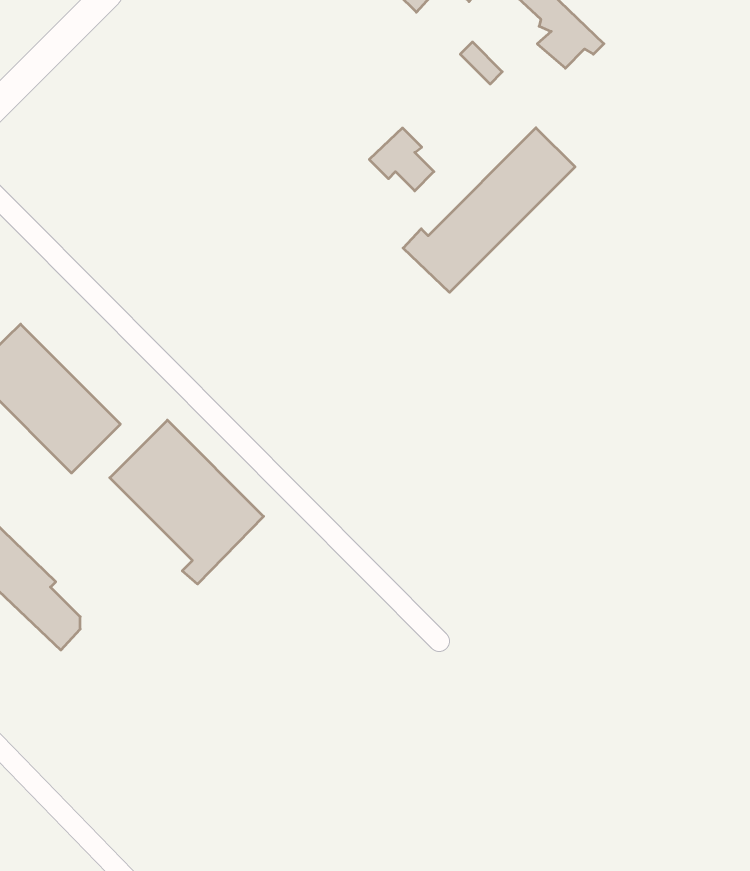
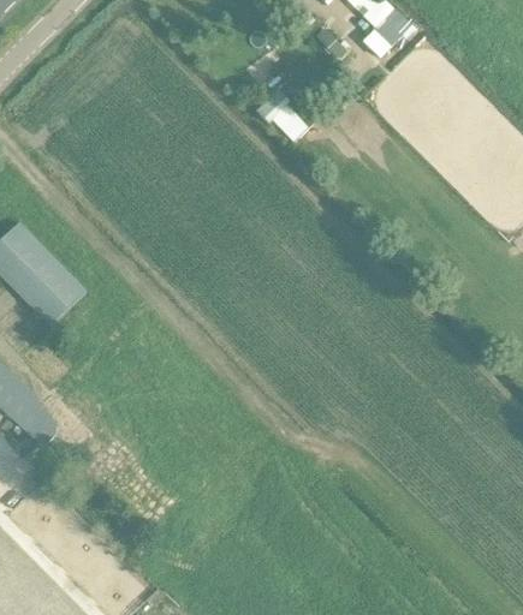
building: [403,128,575,292] -> none
building: [110,420,264,584] -> none

